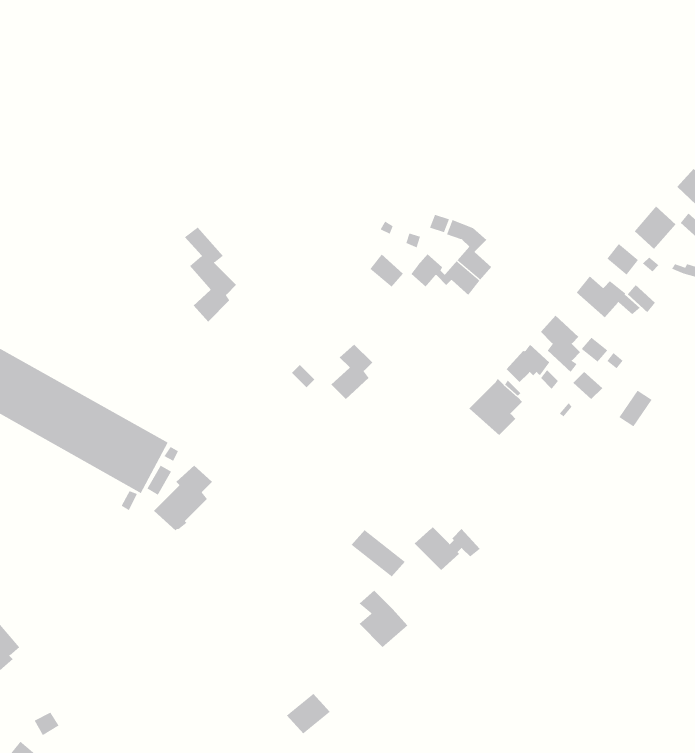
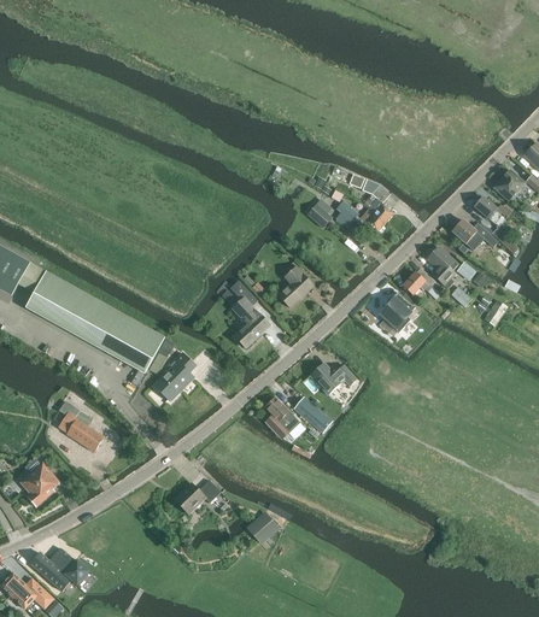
building: [184,227,237,322] -> [229,281,266,348]
building: [414,527,480,571] -> [309,363,356,394]
building: none -> [59,401,104,452]
building: [359,590,408,648] -> [264,398,299,439]
building: none -> [174,481,221,515]

